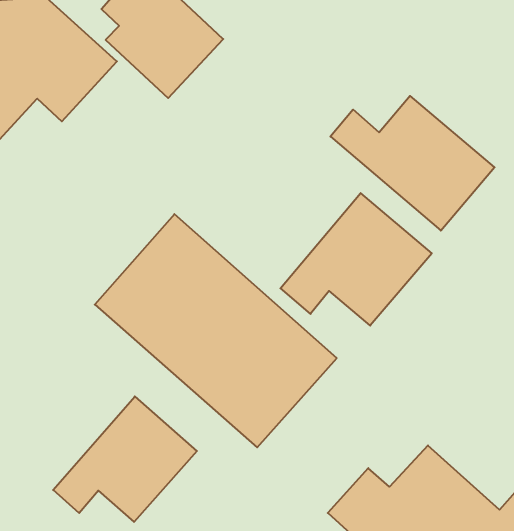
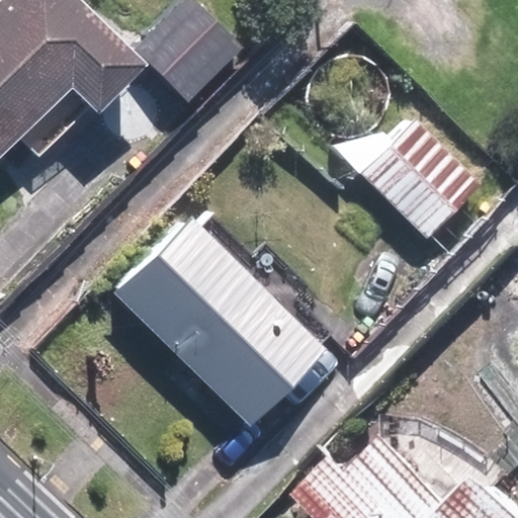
building: [280,193,432,326] -> none
building: [53,396,197,522] -> none

